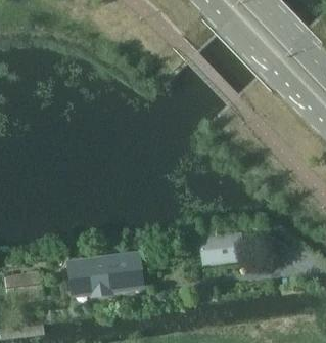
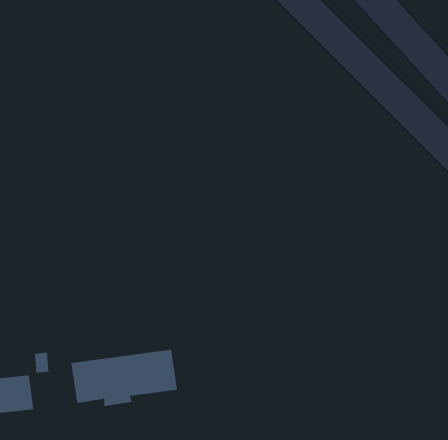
building: [199,231,245,264] -> none

